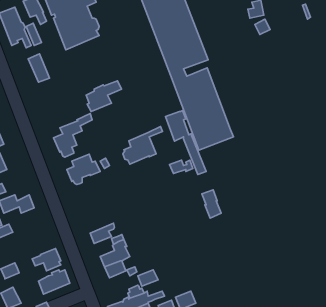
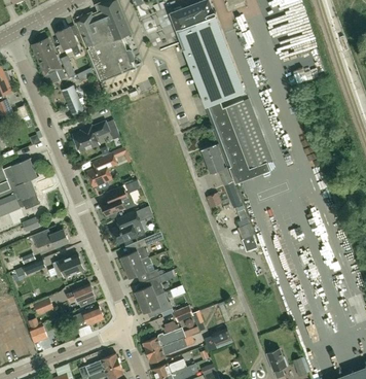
building: [86,81,122,111] -> [73,122,109,152]
building: [123,127,162,164] -> [110,206,150,244]
building: none -> [120,237,152,269]
building: none -> [52,254,83,278]

